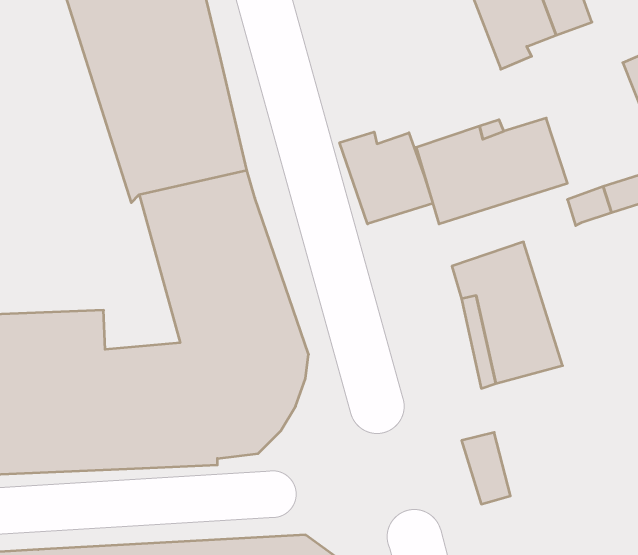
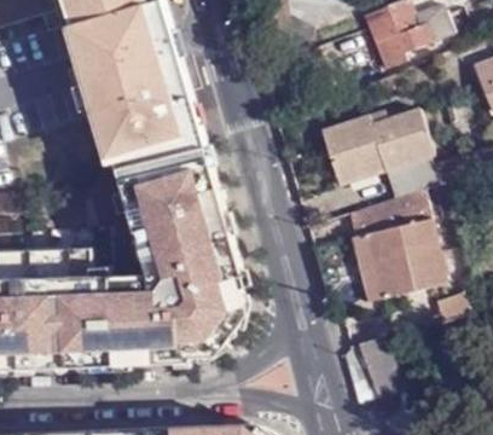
building: [340,132,433,224] -> none
building: none -> [399,191,447,291]

